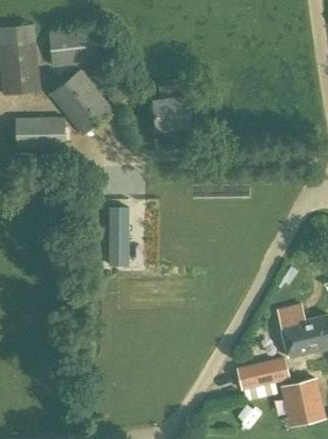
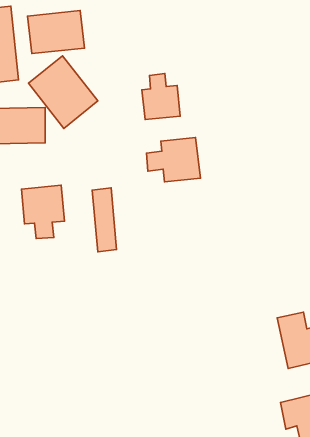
building: none -> [146,137,200,182]
building: none -> [22,185,64,238]
building: [237,357,289,389] -> none

